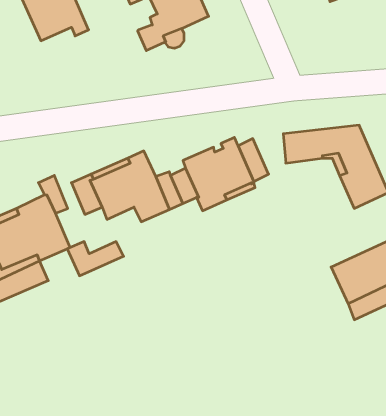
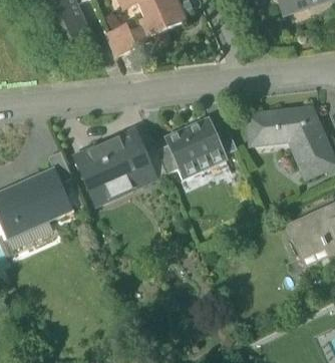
building: none -> [104,23,135,56]
building: [67,242,124,276] -> [85,175,131,204]

